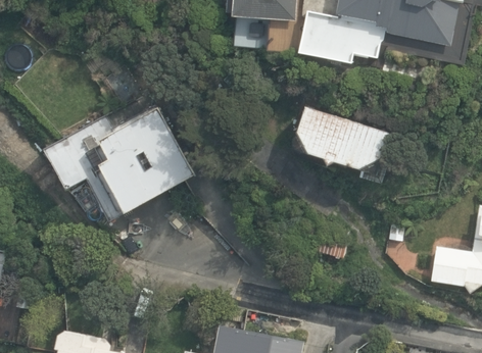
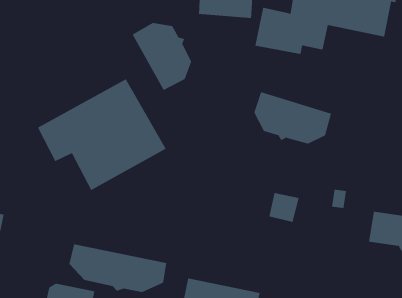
building: none -> [132,22,192,91]
building: none -> [69,244,167,293]

